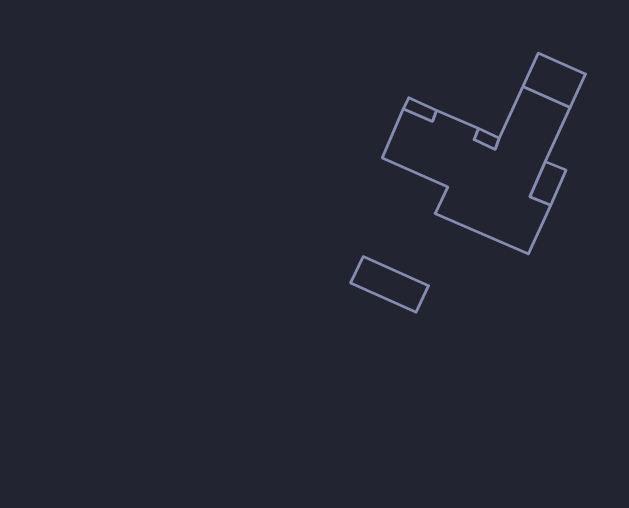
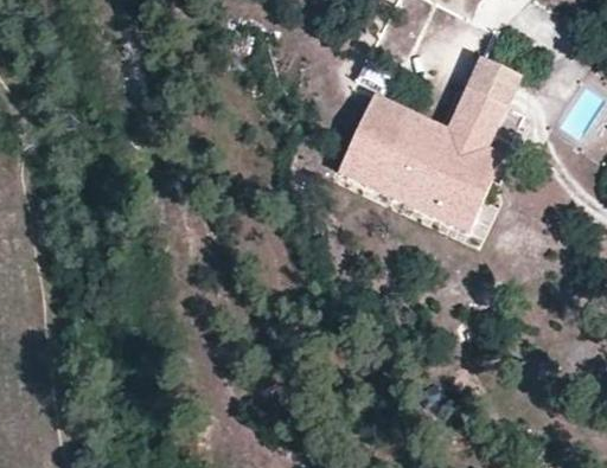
building: [351,257,429,312] -> [337,147,403,194]

